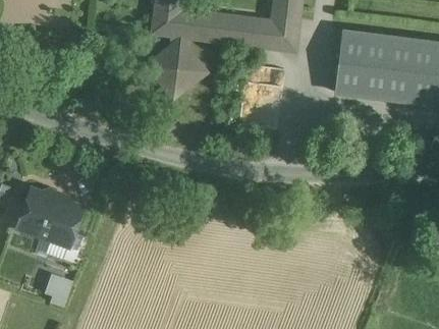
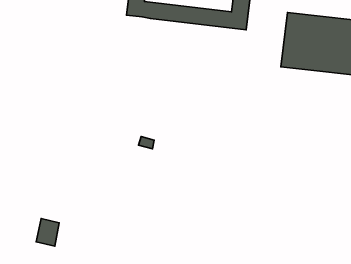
building: [148,35,206,99] -> none
building: [17,188,83,246] -> none

